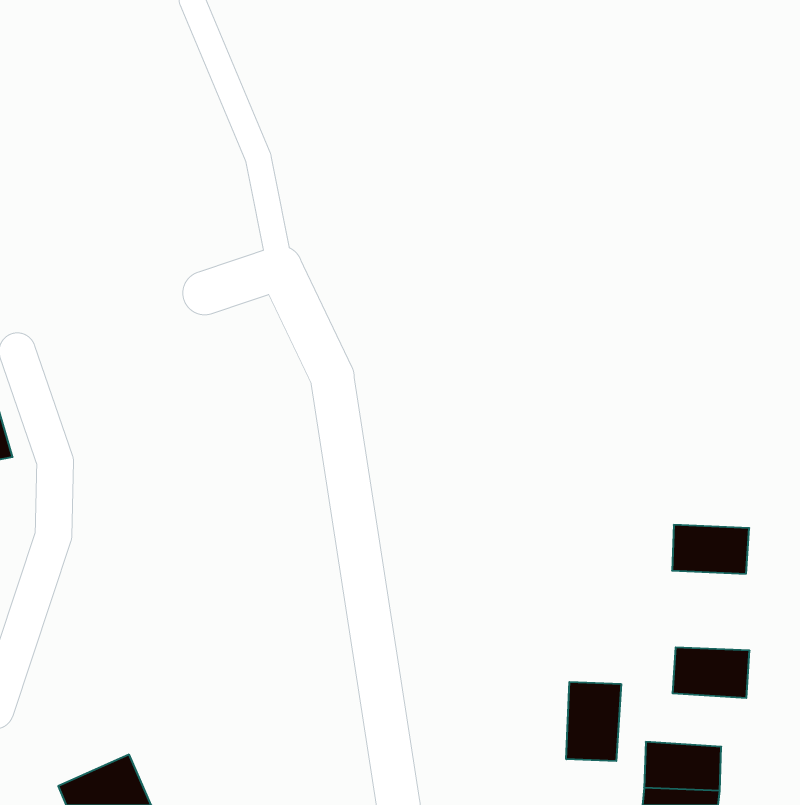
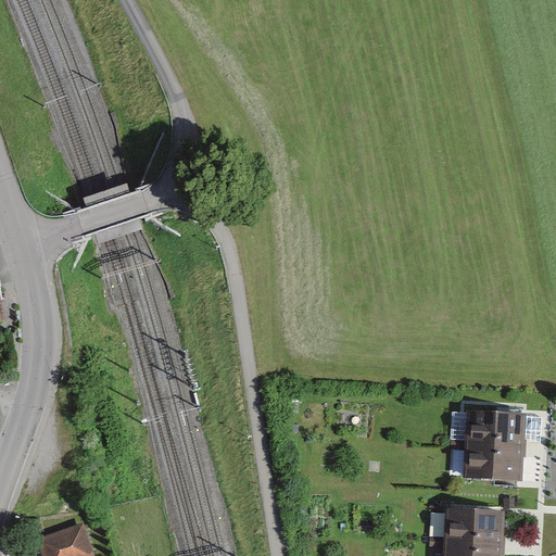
building: [672,525,749,574] -> [466,415,519,448]
building: [566,682,621,761] -> none

